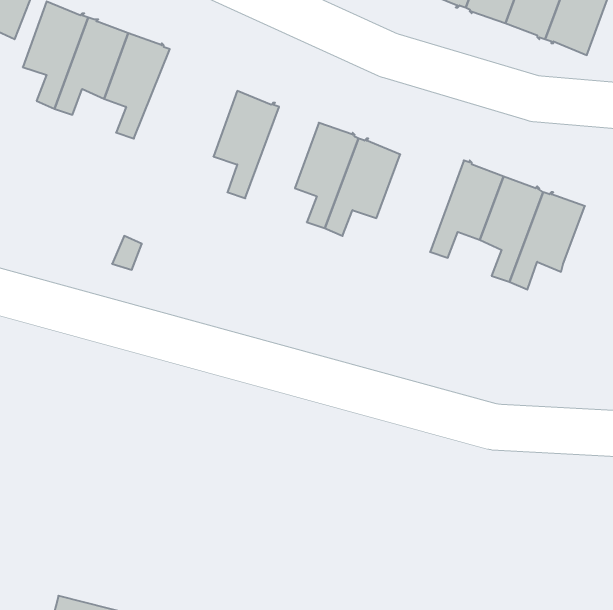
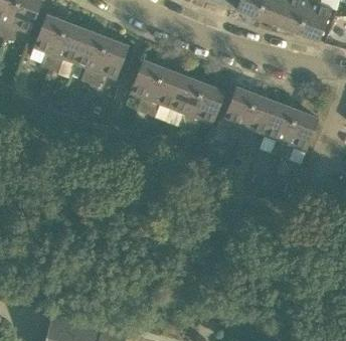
building: none -> [91,38,129,88]
building: none -> [147,67,184,117]
building: none -> [224,87,257,141]

